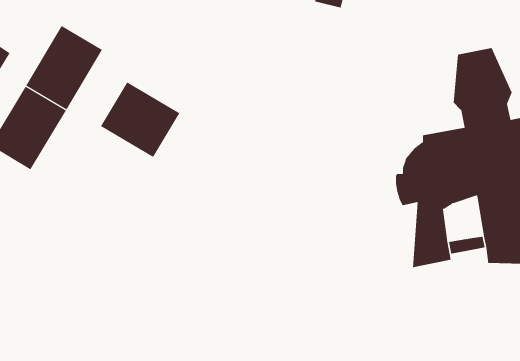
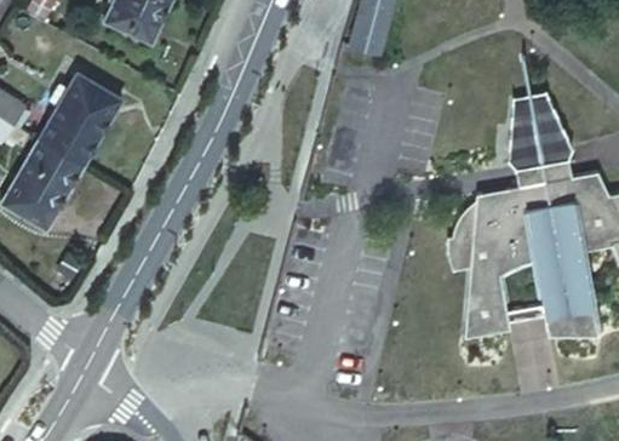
building: [100,82,180,158] -> none

